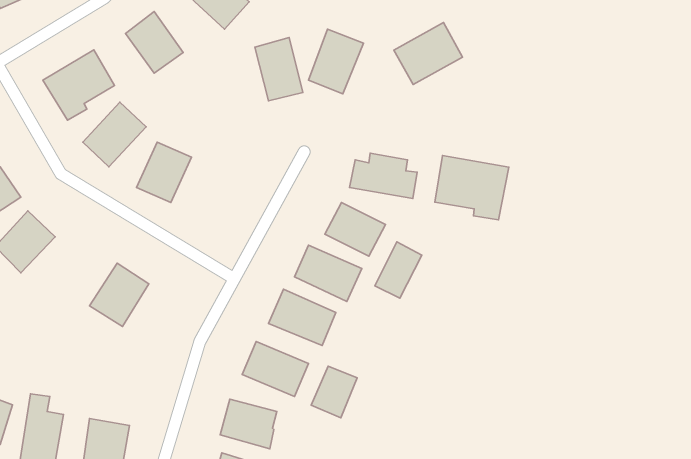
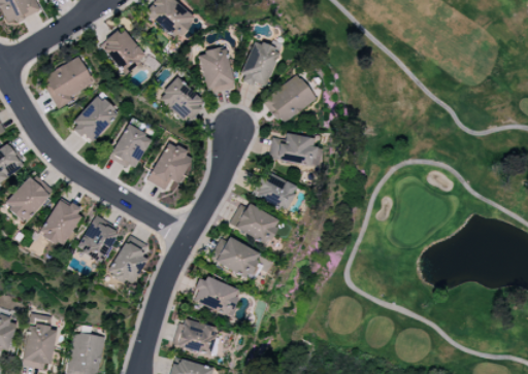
building: [394,23,463,85] -> [264,76,316,123]
building: none -> [159,76,205,118]
building: [435,156,509,220] -> none
building: none -> [147,142,192,190]
building: none -> [38,198,82,247]
building: [375,242,422,298] -> none
building: none -> [108,234,148,282]
building: [311,366,357,418] -> none

